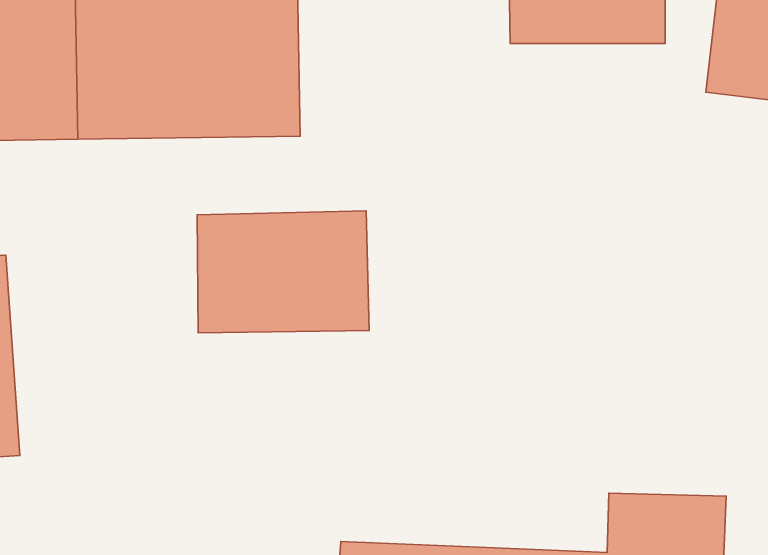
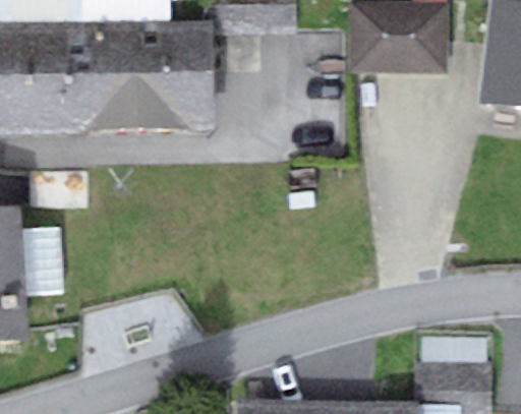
building: [197,211,369,333] -> none

